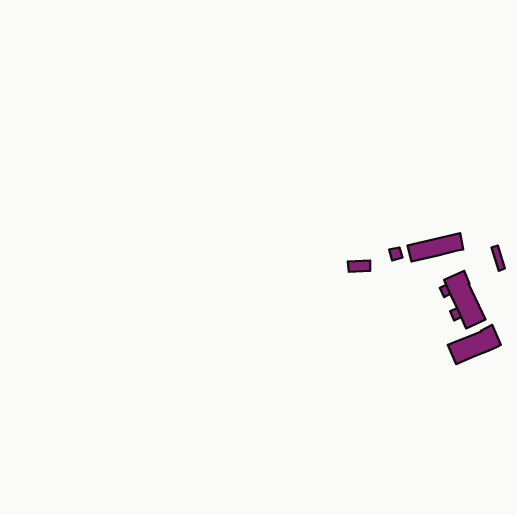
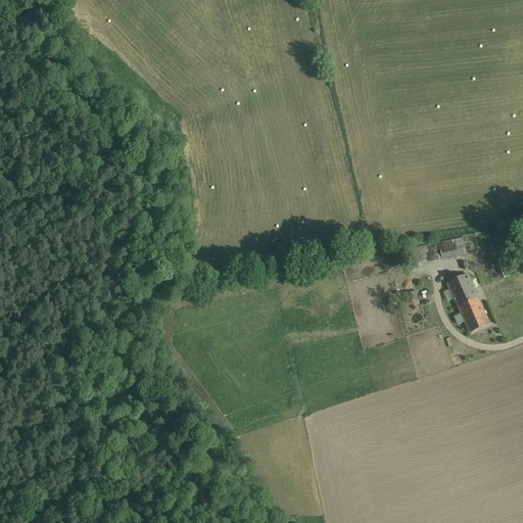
building: [448,325,501,364] -> none

